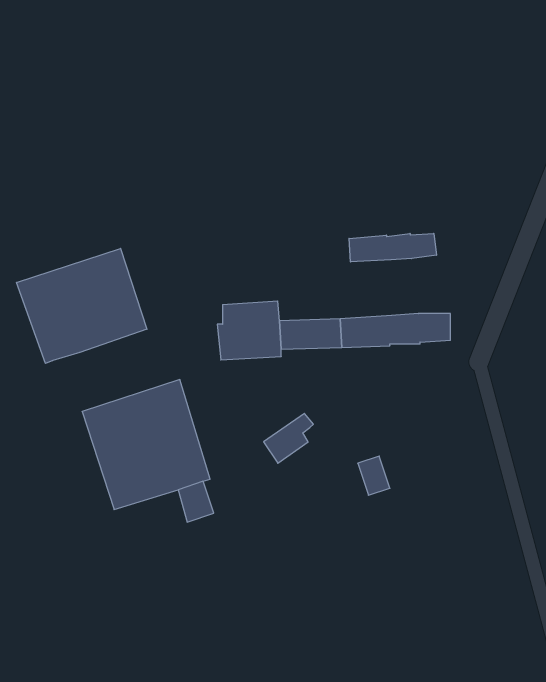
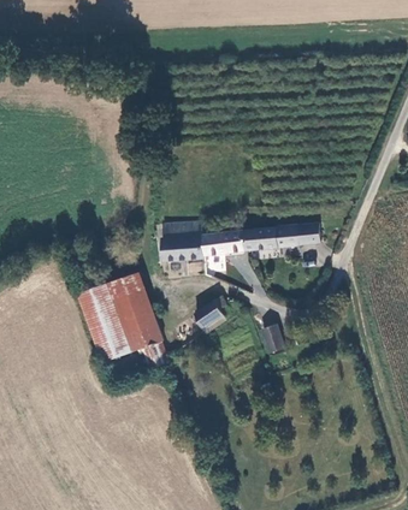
building: [349,233,436,262] -> none
building: [17,248,147,363] -> none

